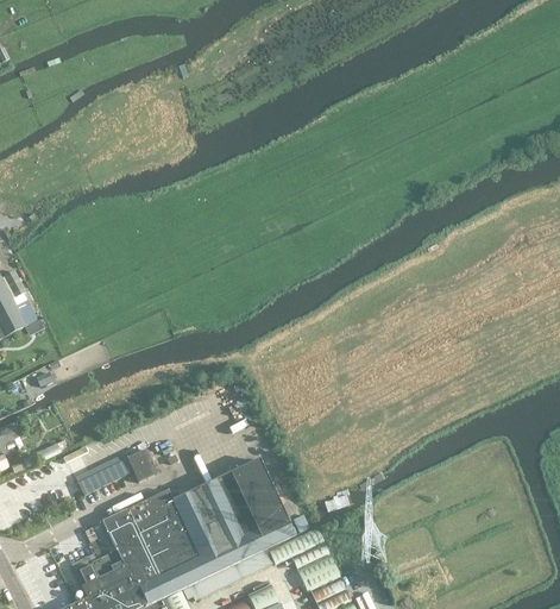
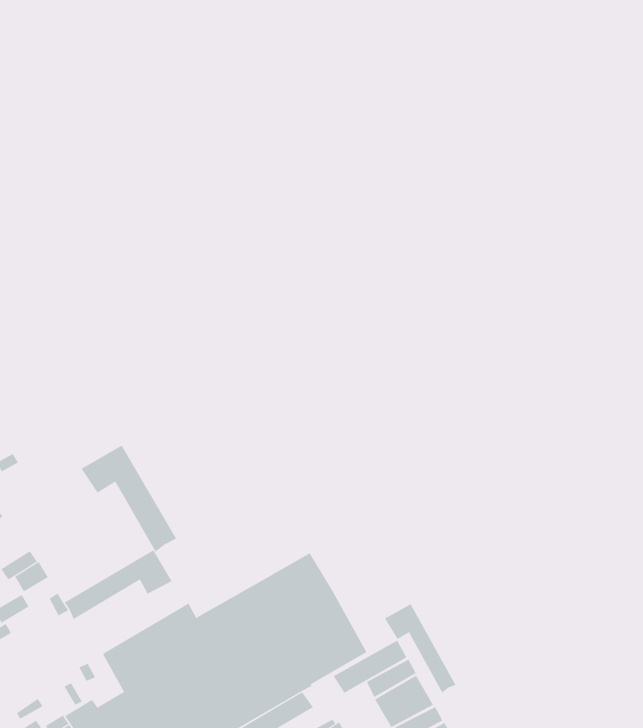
building: none -> [81,445,177,552]
building: none -> [384,604,456,693]

